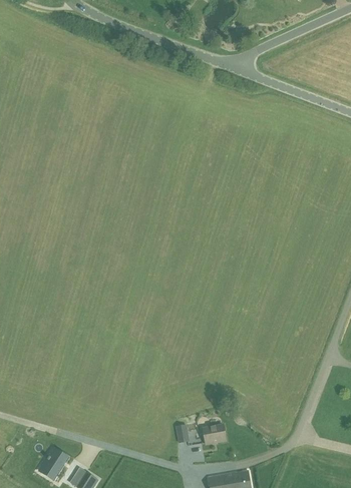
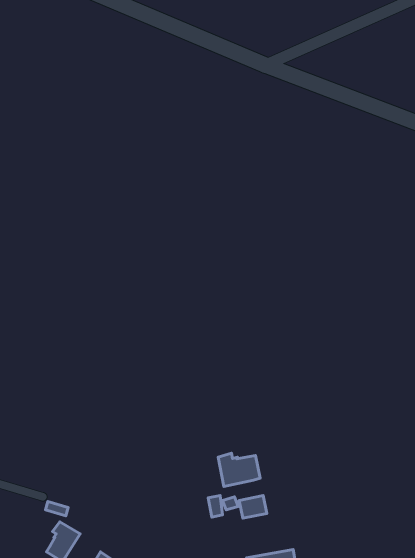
building: none -> [218,453,260,487]

